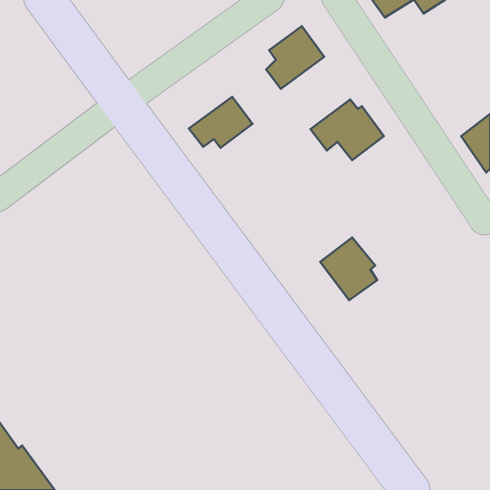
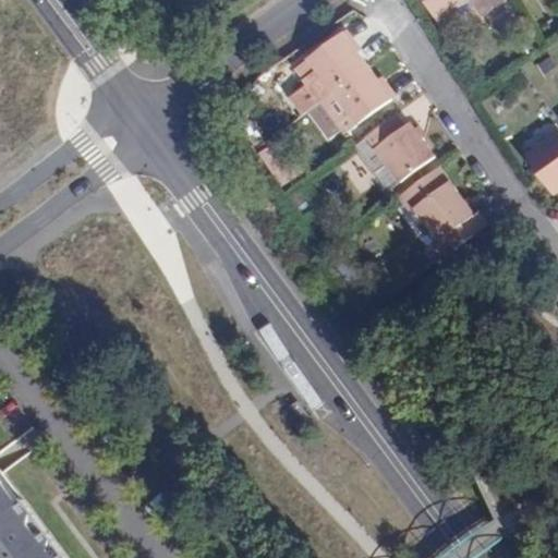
building: [189,97,252,148] -> [317,64,389,122]
building: [320,238,377,300] -> [412,180,476,251]

